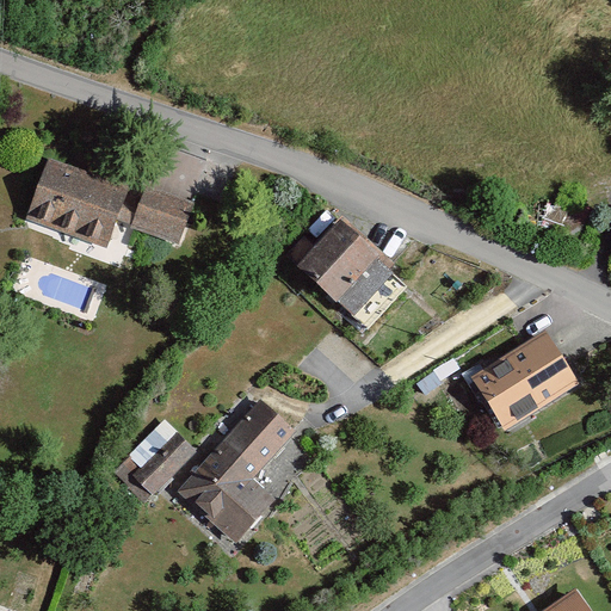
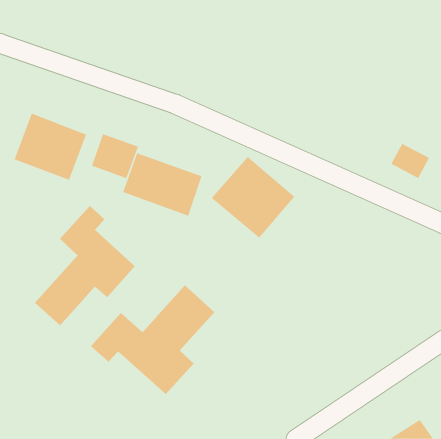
building: none -> [123,153,202,217]
building: none -> [34,205,136,326]
building: [474,339,575,430] -> none

